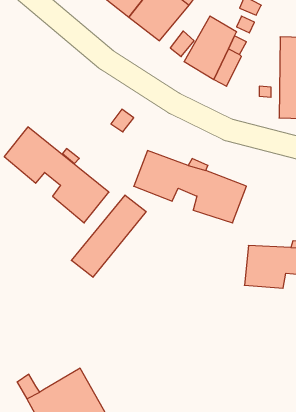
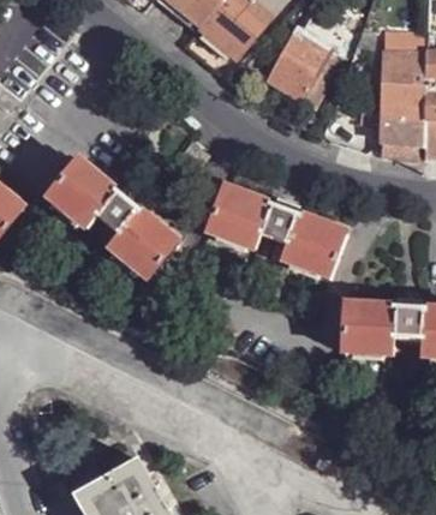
building: [71,195,146,277] -> none

